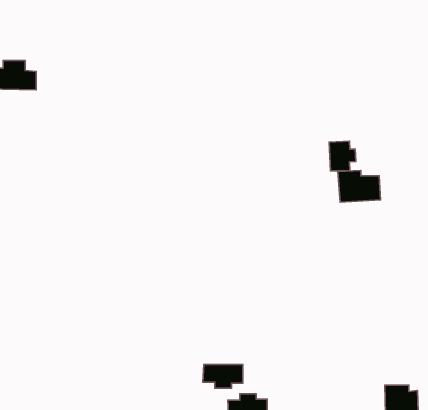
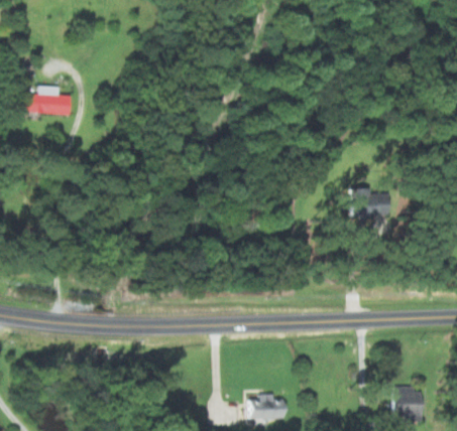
building: [329,141,356,171] -> none
building: [203,365,243,388] -> none

